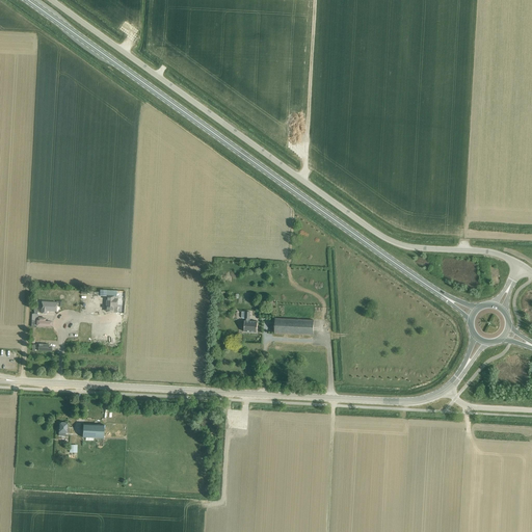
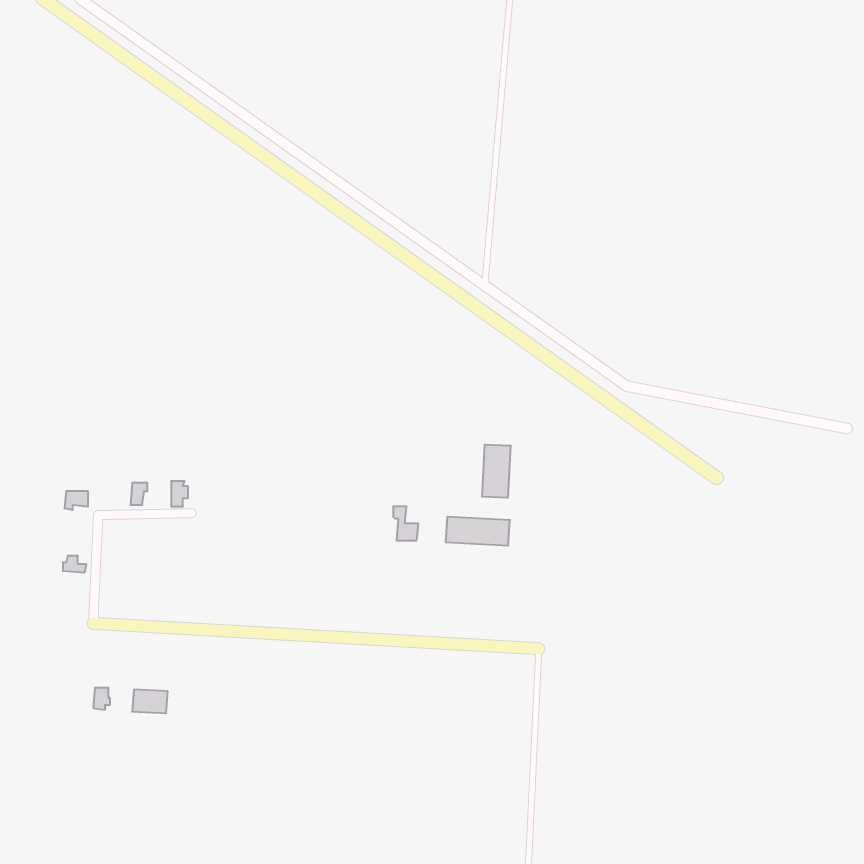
building: none -> [482,444,511,498]

